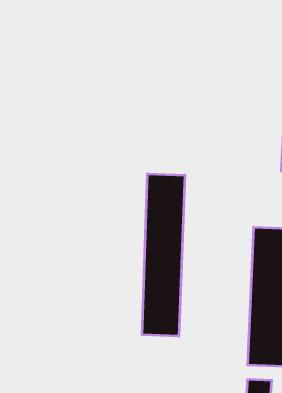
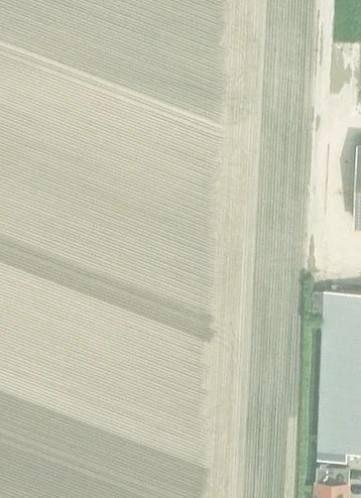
building: [142,174,185,336] -> none

